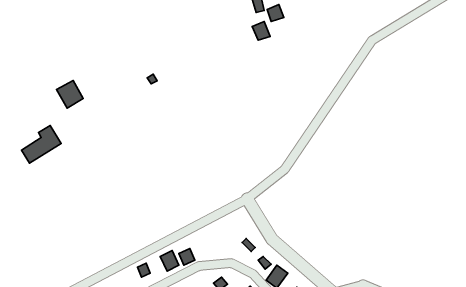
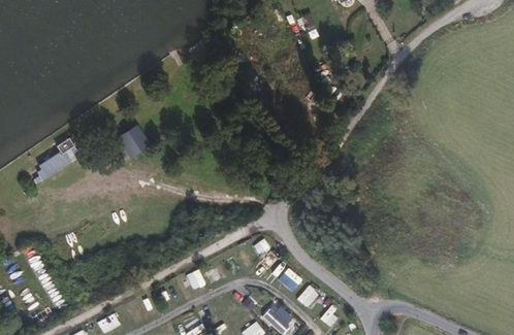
building: [56,81,83,108] -> [122,129,150,158]

